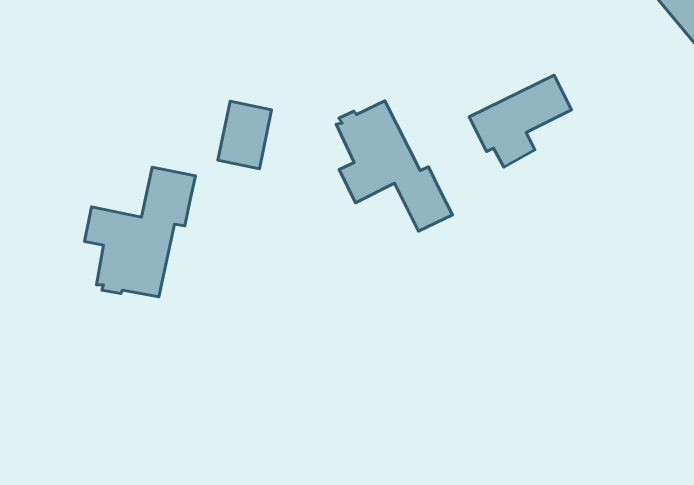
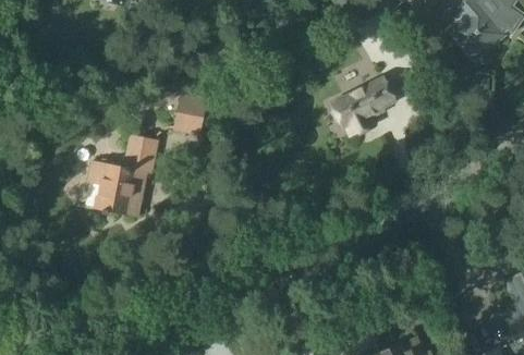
building: [336,101,452,231] -> none

